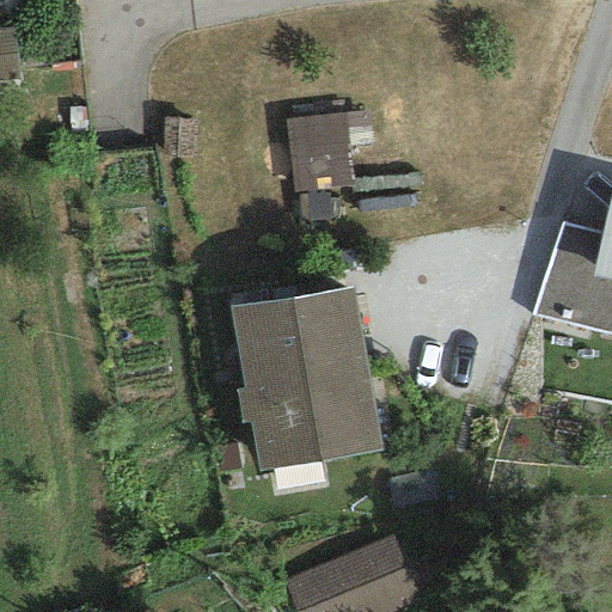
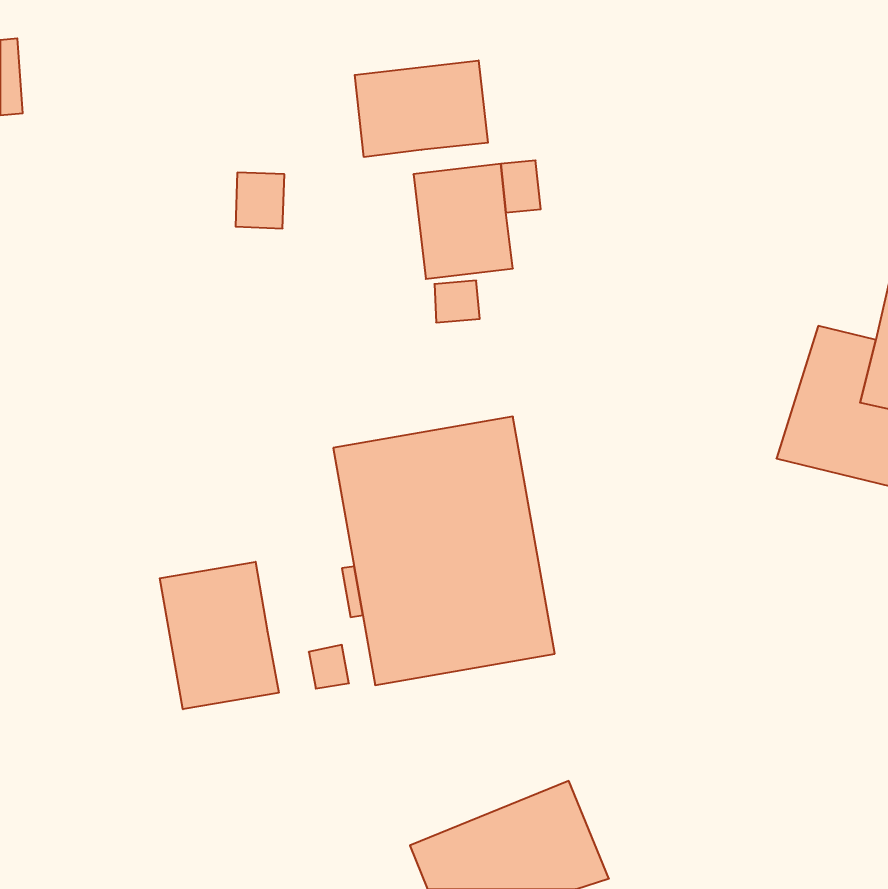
building: none -> [355,60,488,157]
building: none -> [160,562,279,709]

